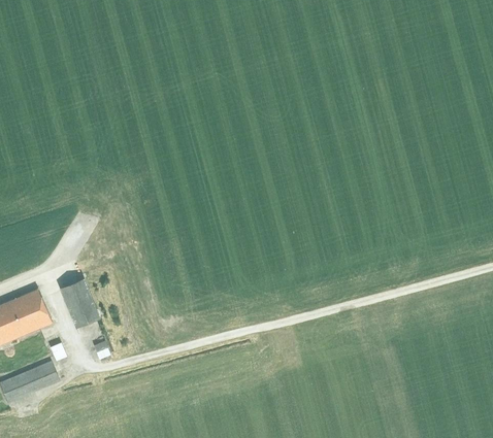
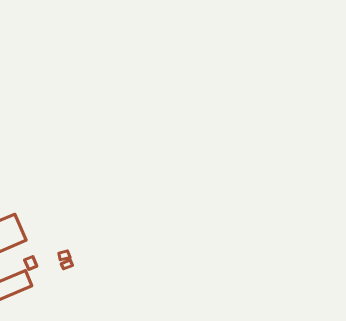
building: [60,278,101,329] -> none

